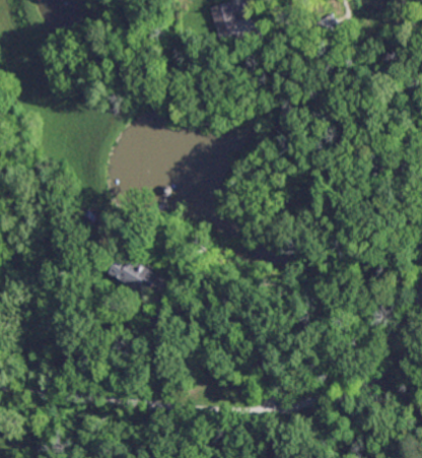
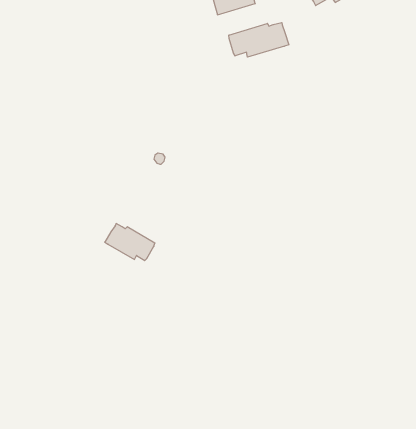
building: none -> [229,23,289,57]

